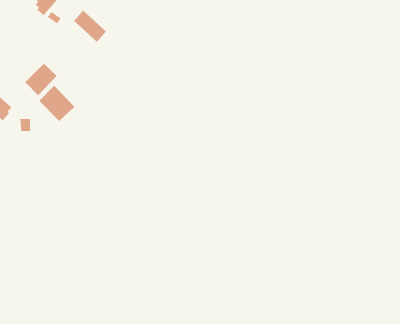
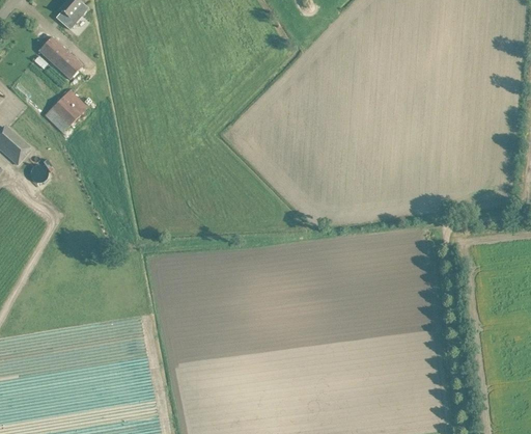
building: [73,10,107,43] -> [38,35,82,78]
building: [38,85,75,122] -> none

